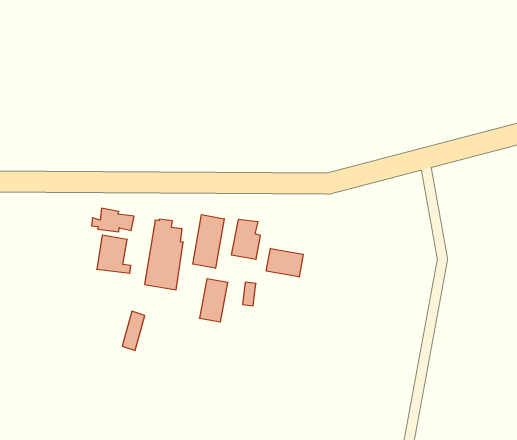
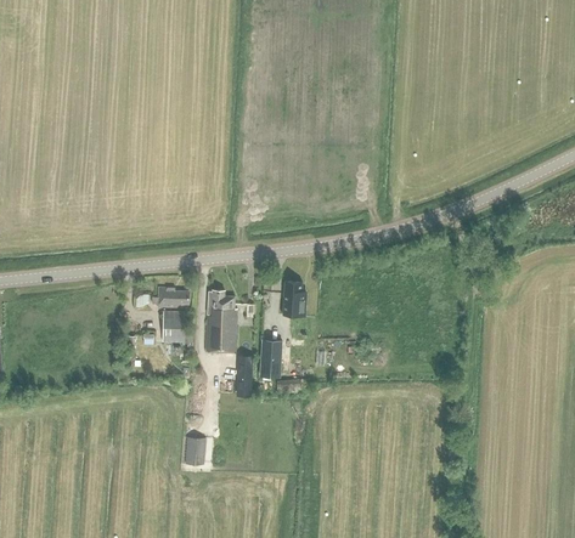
building: [193,215,224,268] -> none
building: [266,248,303,277] -> none
building: none -> [184,437,205,465]

